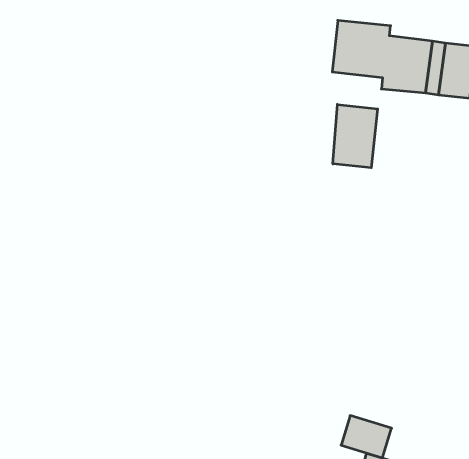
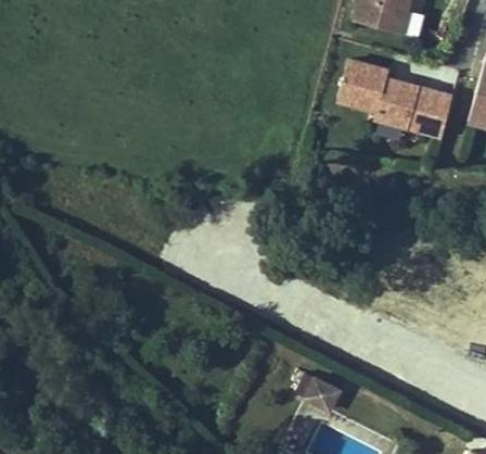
building: [333,104,378,168] -> none

